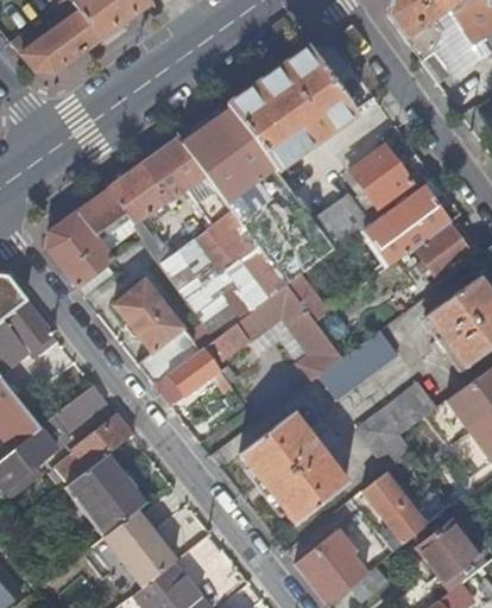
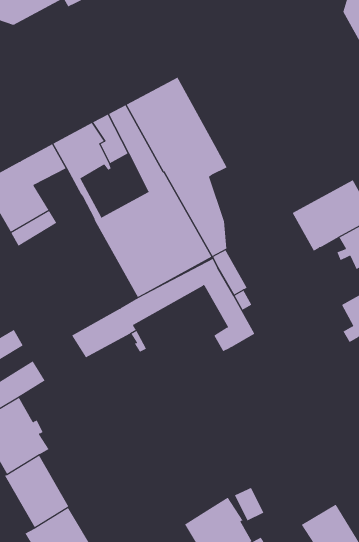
building: [228,45,357,170] -> none
building: [314,145,417,249] -> none
building: [115,280,200,384] -> none
building: [318,330,398,399] -> none
building: [357,382,437,469] -> none
building: [241,413,346,524] -> none
building: [364,473,427,550] -> none

